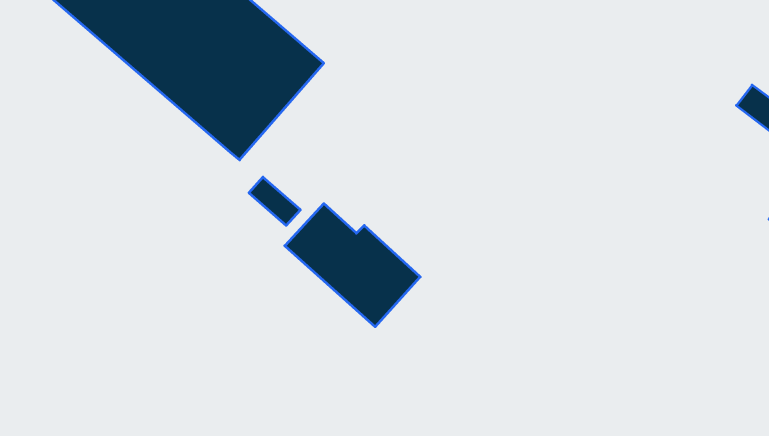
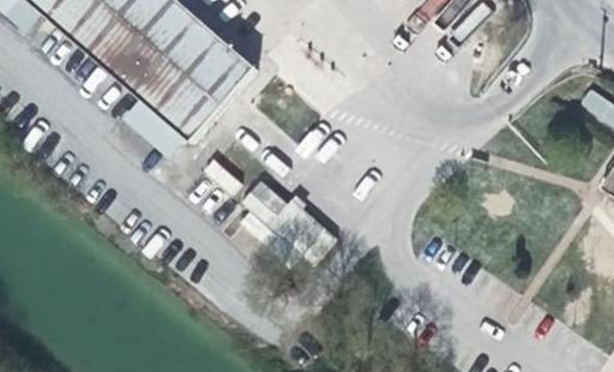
building: none -> [125,98,185,155]

